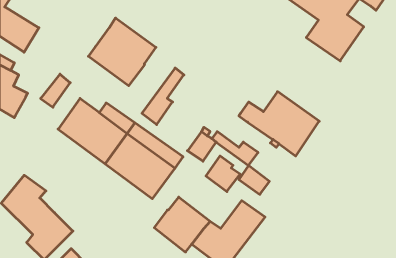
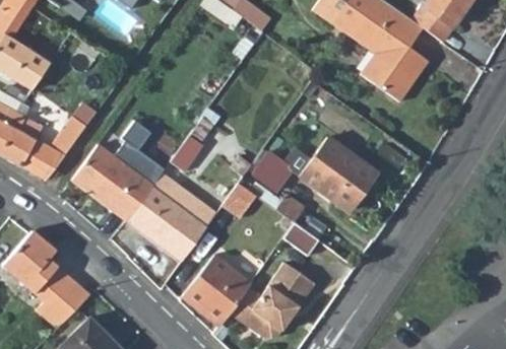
building: [88,18,156,86] -> none
building: none -> [22,142,61,182]
building: [206,156,240,192] -> [253,150,293,192]

